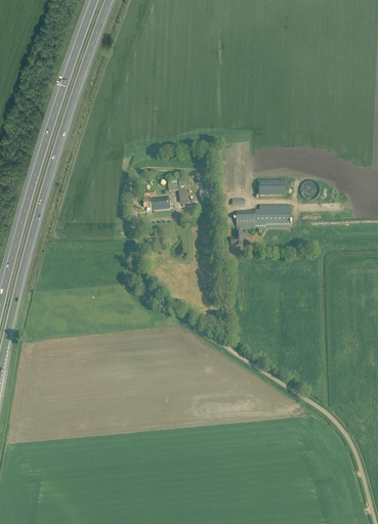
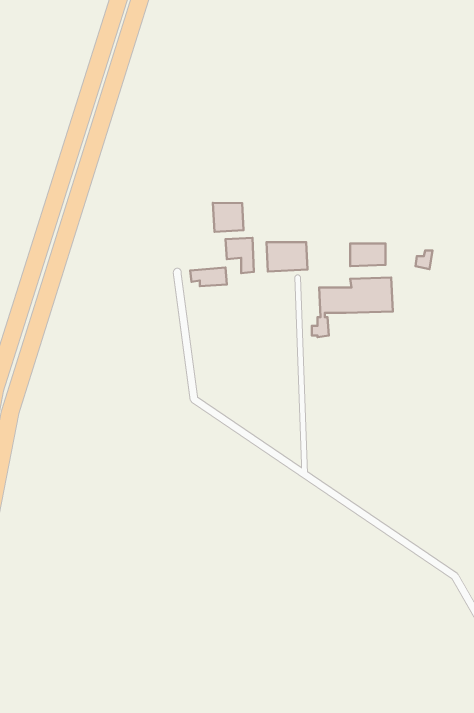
building: none -> [213,203,244,232]
building: none -> [266,242,307,271]

